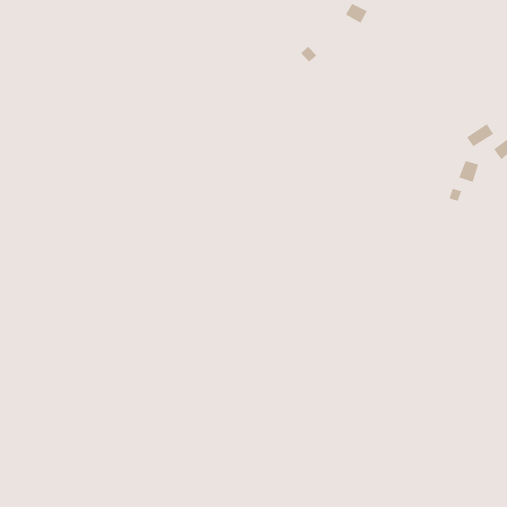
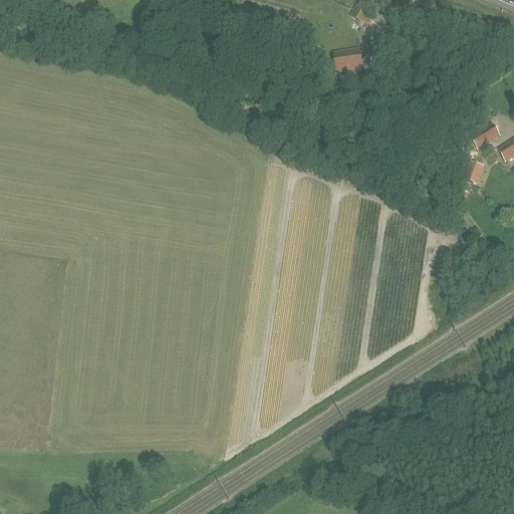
building: none -> [334,48,363,72]

